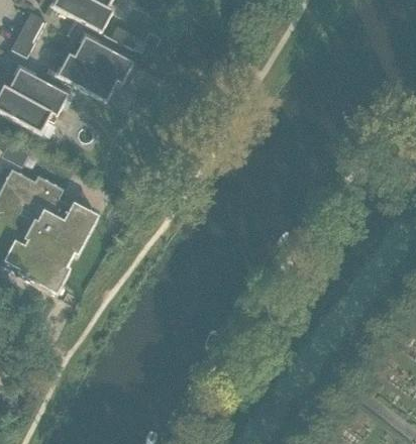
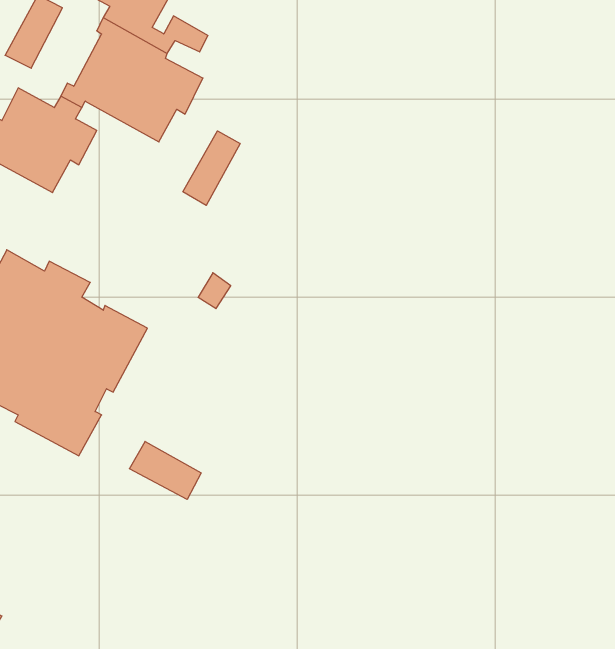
building: none -> [183,131,240,205]
building: none -> [129,441,201,499]

